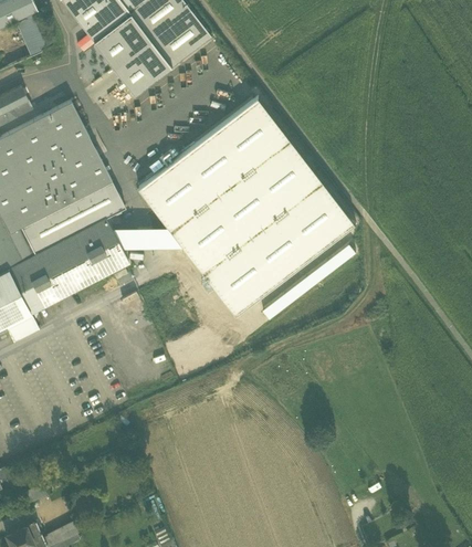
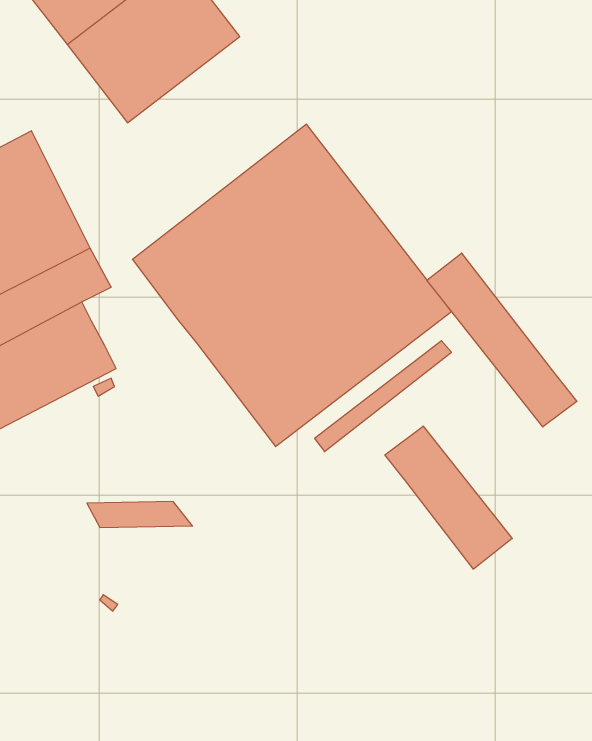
building: none -> [427,253,577,427]
building: [111,230,182,248] -> [87,501,193,527]
building: none -> [385,426,512,569]

